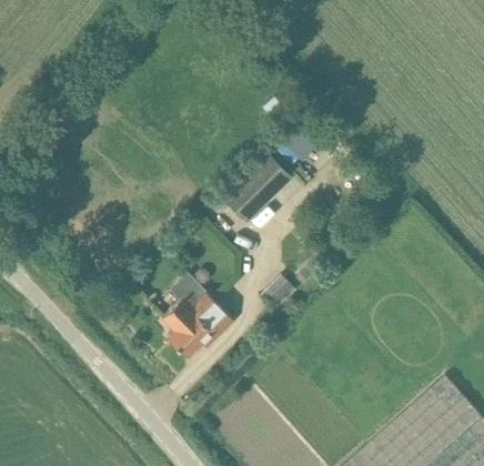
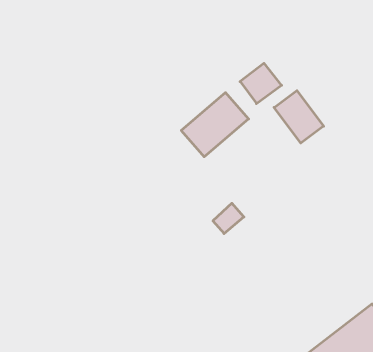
building: none -> [274,91,324,143]
building: [162,288,234,356] -> none

